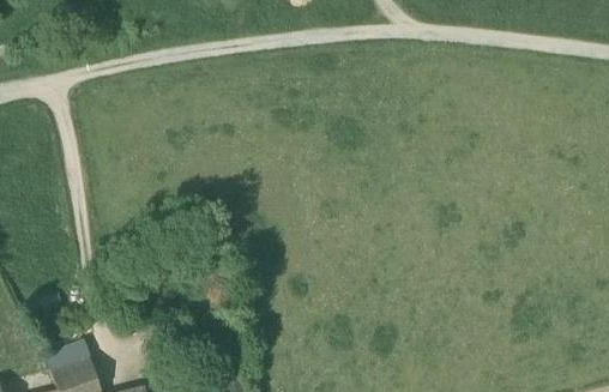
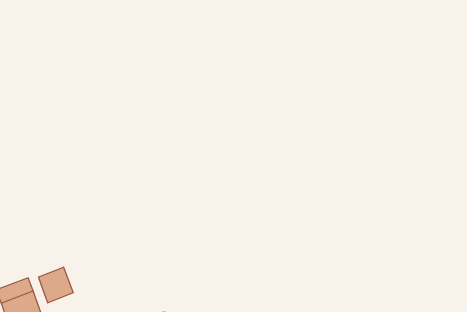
building: none -> [39,267,73,303]

